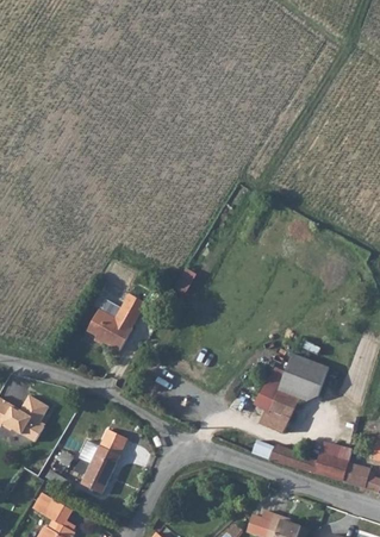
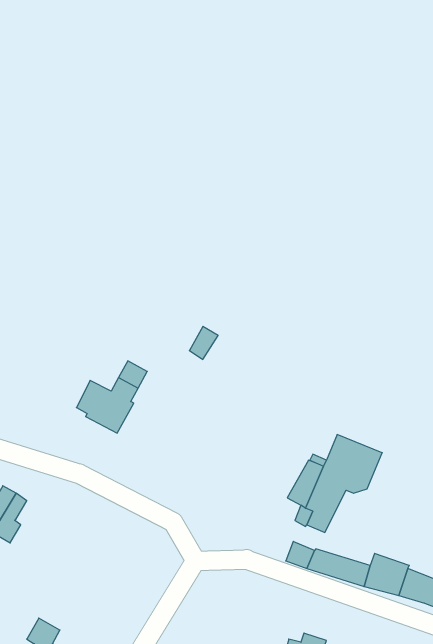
building: [81,430,126,494] -> none

